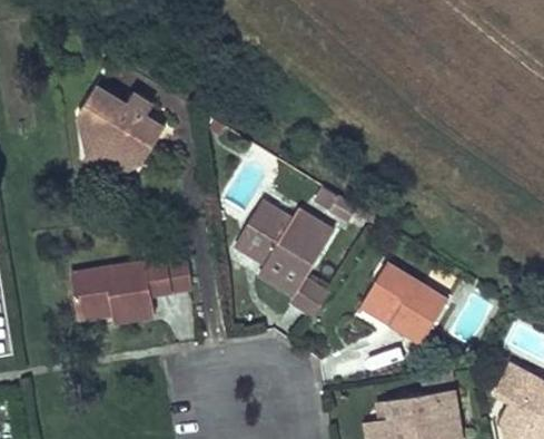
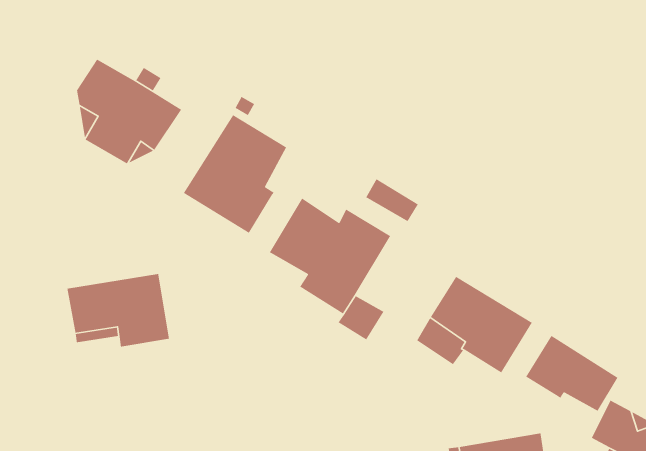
building: none -> [183,114,287,234]
building: [145,247,192,293] -> none
building: none -> [525,335,619,412]

